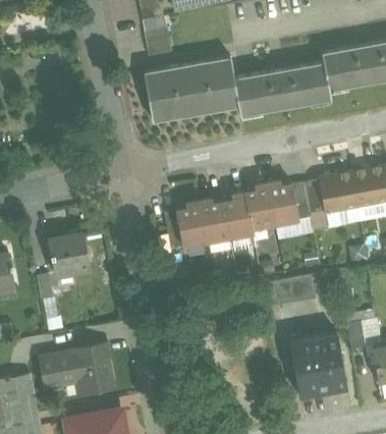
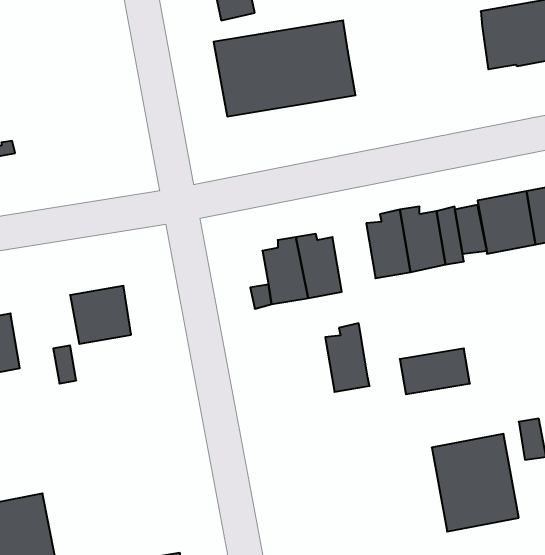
building: [233,61,329,115] -> none
building: [223,193,253,238] -> [325,323,370,392]
building: [39,342,112,395] -> none

